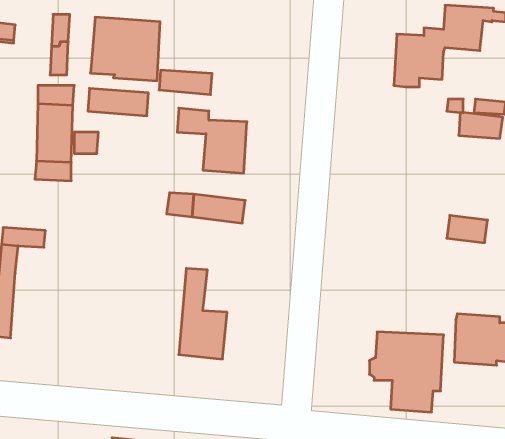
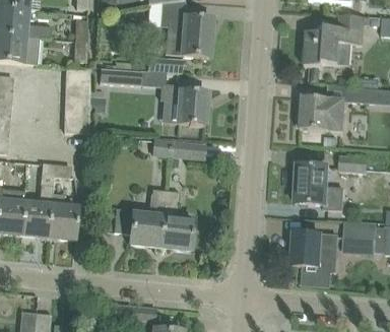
building: [90,17,160,81] -> [165,15,211,58]
building: none -> [298,96,346,132]
building: none -> [296,165,344,209]
building: none -> [129,189,166,248]
building: none -> [48,193,78,239]

